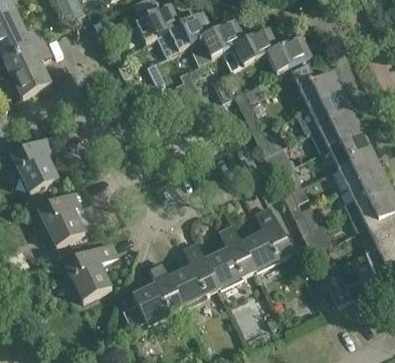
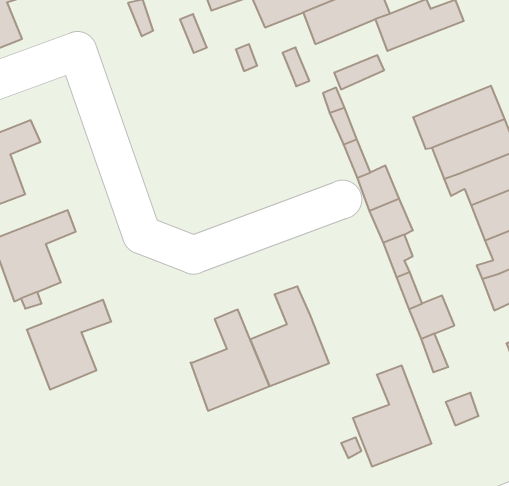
building: [289,62,343,107] -> none
building: [240,206,290,270] -> [353,365,432,466]
building: [121,258,181,326] -> none

